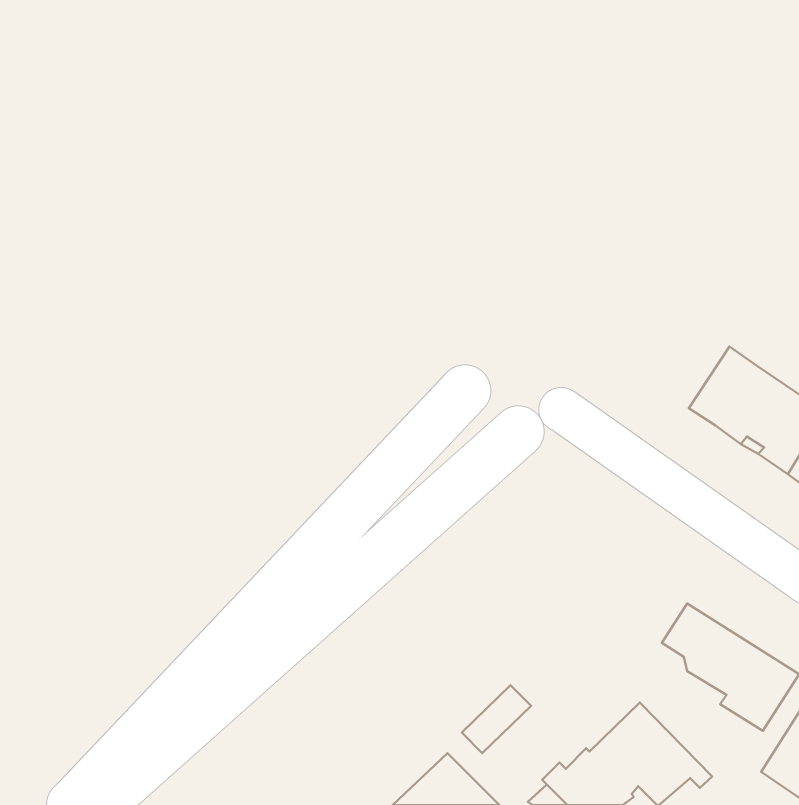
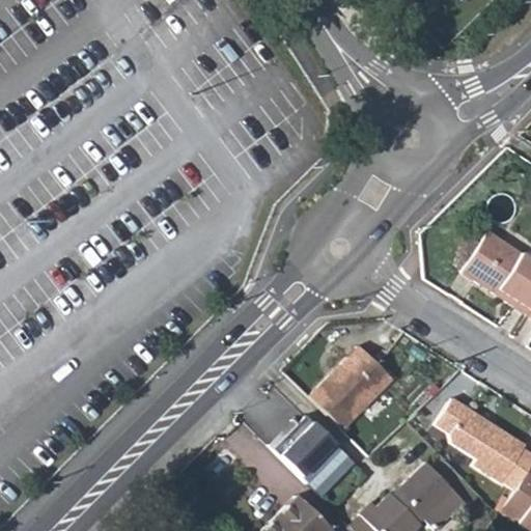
building: none -> [311,344,393,428]
building: none -> [276,418,340,482]

